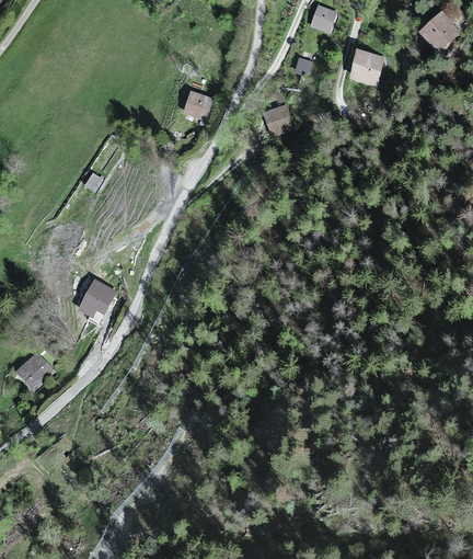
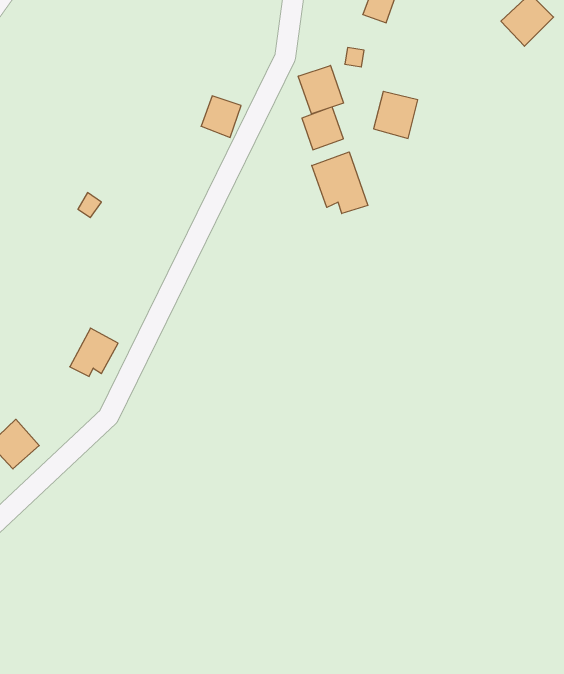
building: [348,50,383,88] -> [374,91,418,138]
building: none -> [298,65,344,114]
building: none -> [312,152,368,214]

